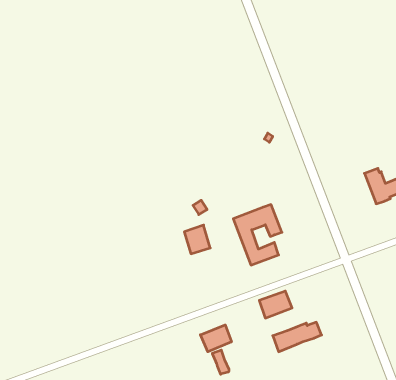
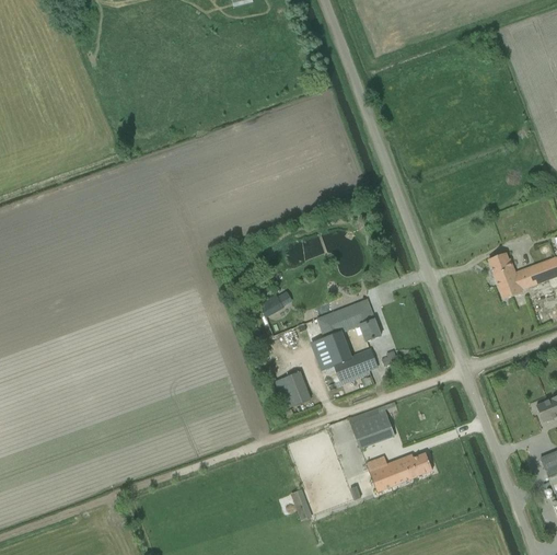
building: [184,225,210,254] -> [279,370,313,407]
building: [200,325,231,352] -> none

